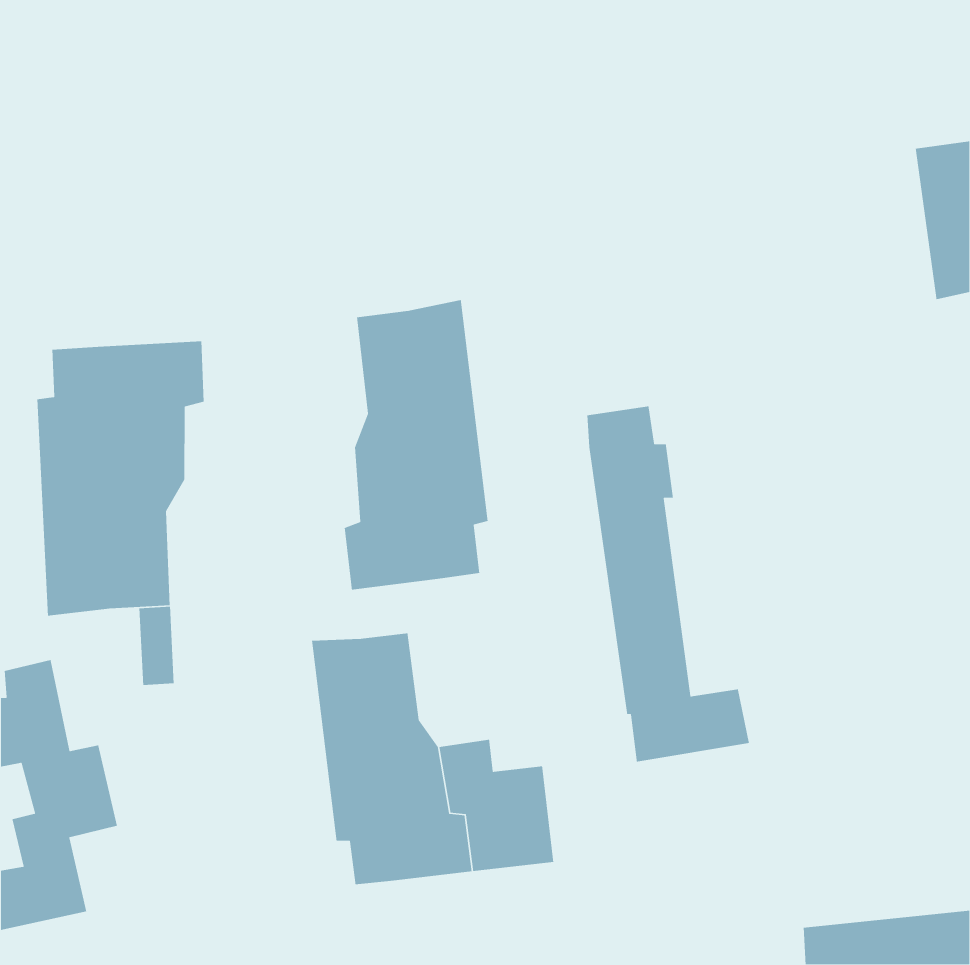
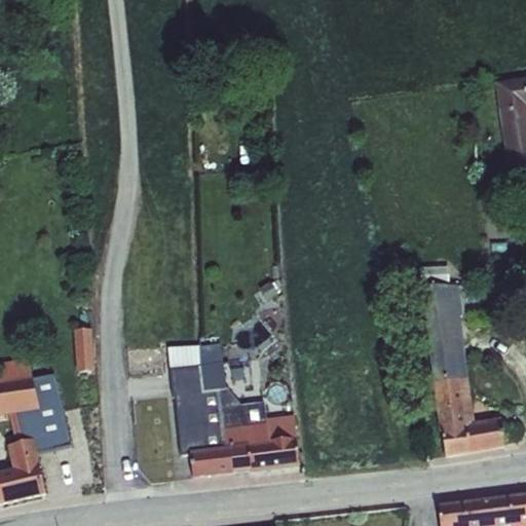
building: [344,299,489,591] -> none
building: [37,341,204,617] -> none
building: [587,405,750,762] -> [418,263,506,456]

